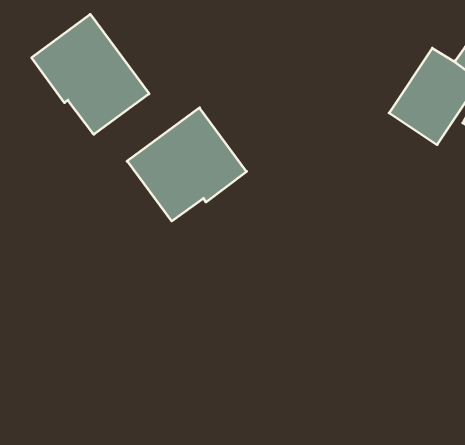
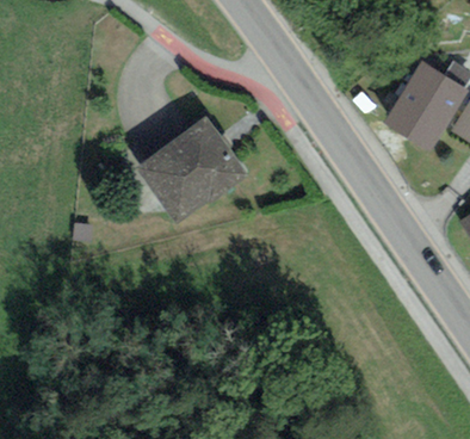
building: [32,14,149,134] -> none

